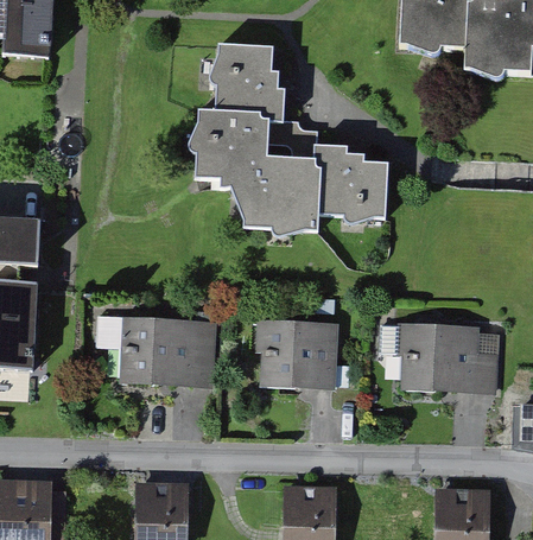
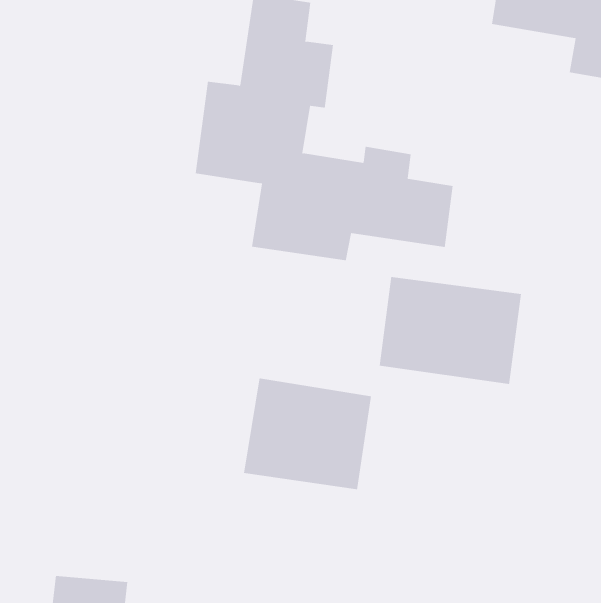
building: [120,319,214,387] -> none
building: [398,325,494,392] -> [379,277,522,385]

